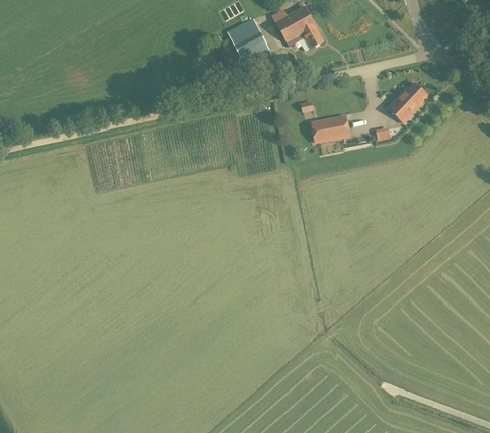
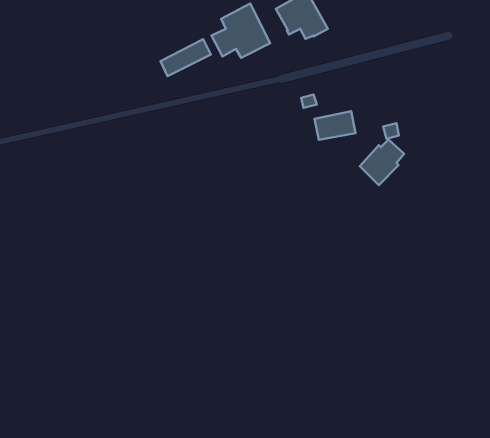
building: none -> [160,39,211,76]
building: [388,82,428,123] -> [360,140,404,185]

